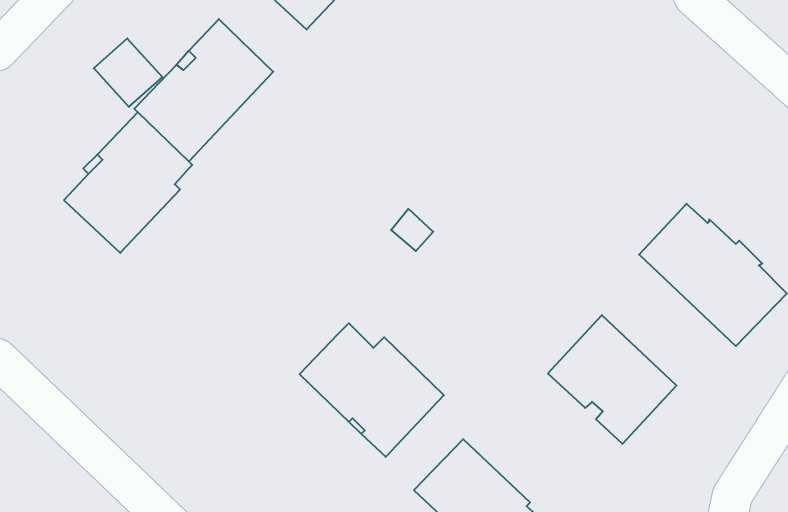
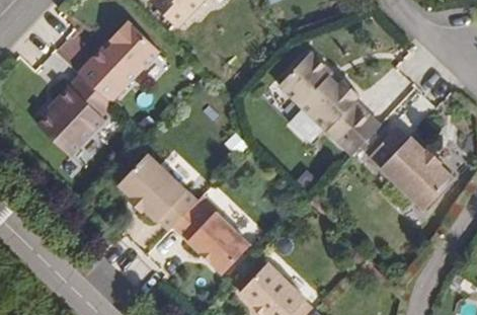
building: none -> [279,52,381,155]
building: none -> [117,156,195,232]
building: [548,315,676,444] -> none

